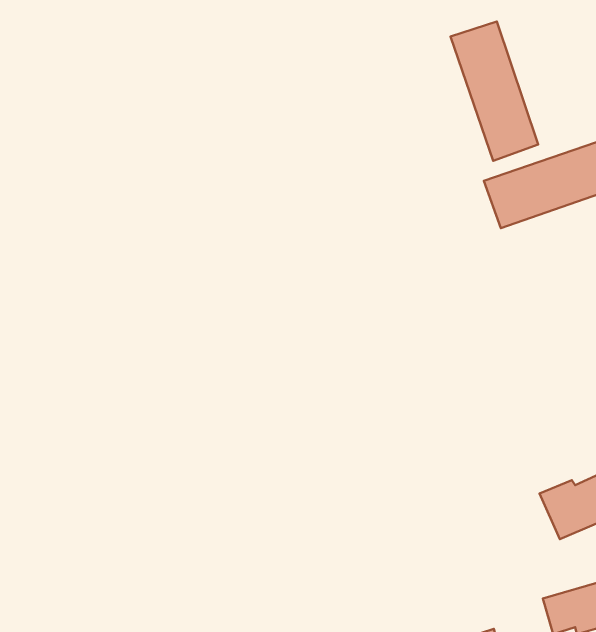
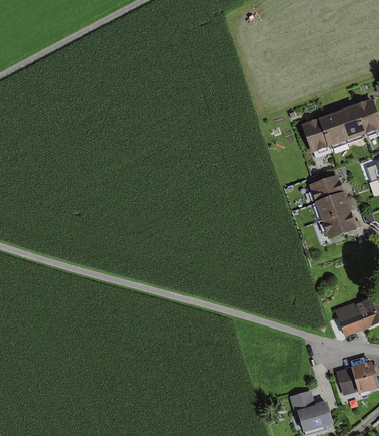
building: [451,21,538,161] -> none
building: none -> [308,175,354,238]

